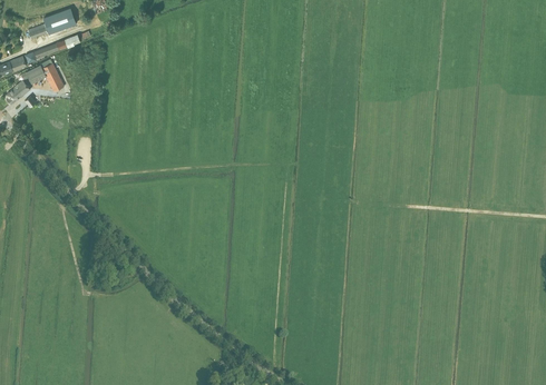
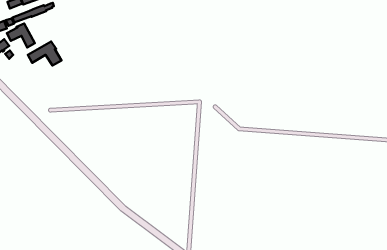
building: none -> [28,41,61,66]

